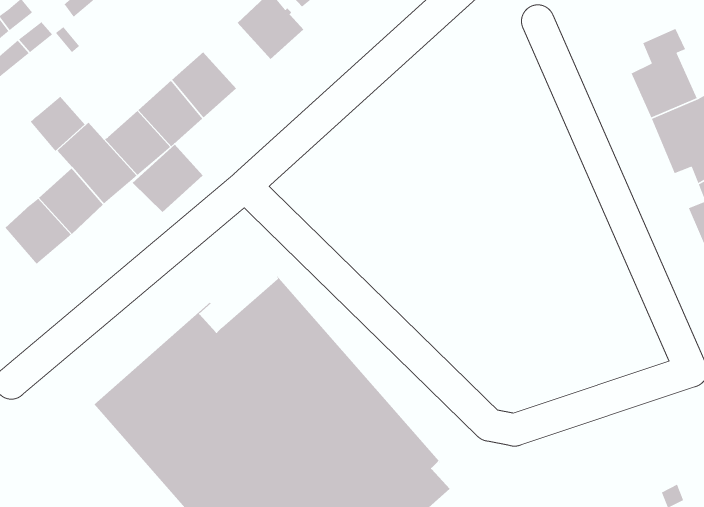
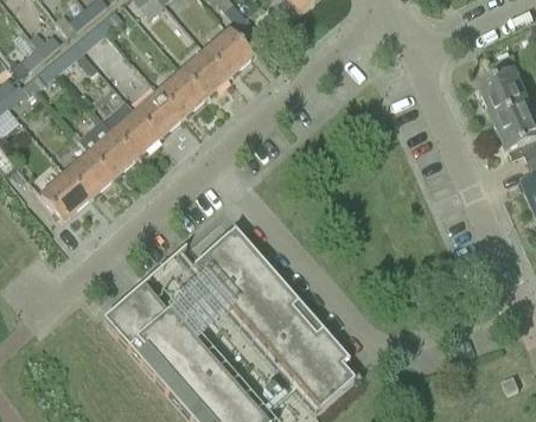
building: none -> [180,49,228,95]
building: [30,96,86,152] -> none
building: [132,144,203,213] -> none

